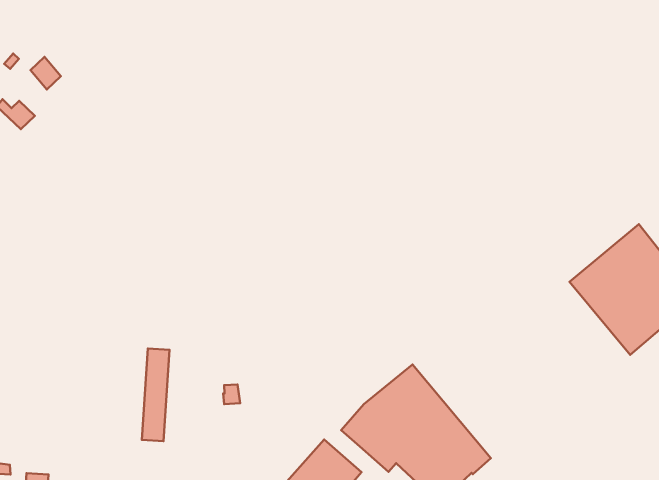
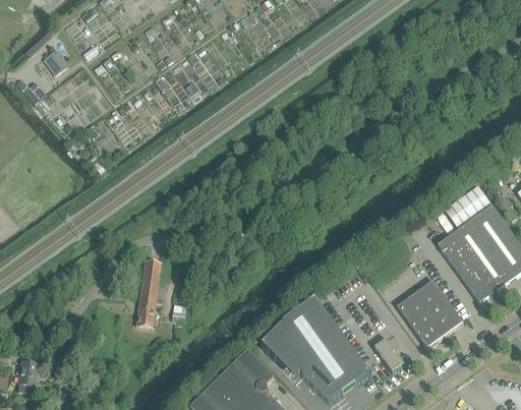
building: none -> [397,280,463,348]
building: [142,349,170,441] -> [135,256,161,327]
building: none -> [374,339,404,371]

